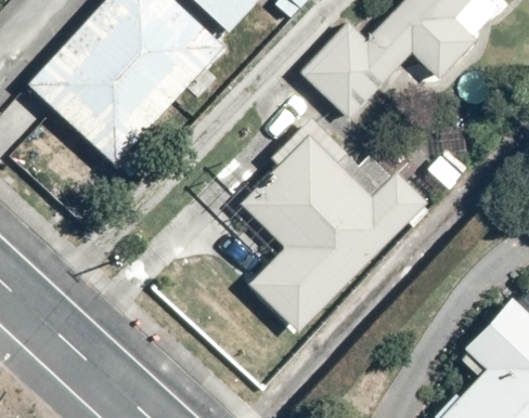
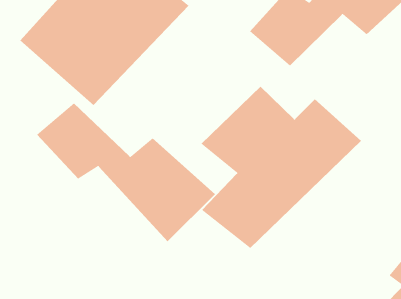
building: none -> [36,102,216,242]

